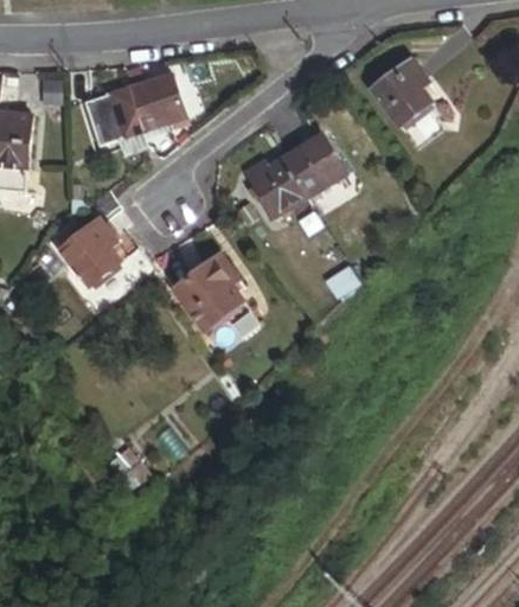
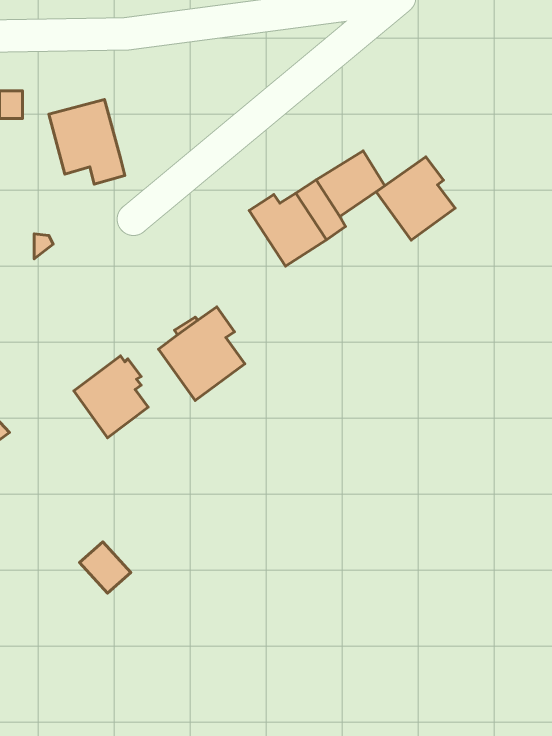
building: [372,60,436,128] -> [376,157,455,240]
building: [129,72,188,133] -> none
building: [59,219,120,286] -> [74,356,148,438]

